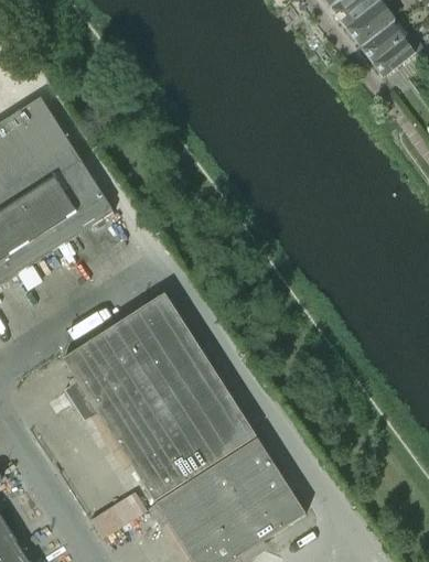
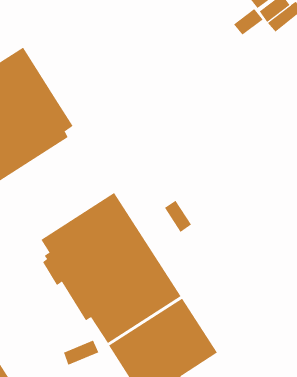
building: none -> [233,8,263,36]
building: none -> [164,200,192,233]

